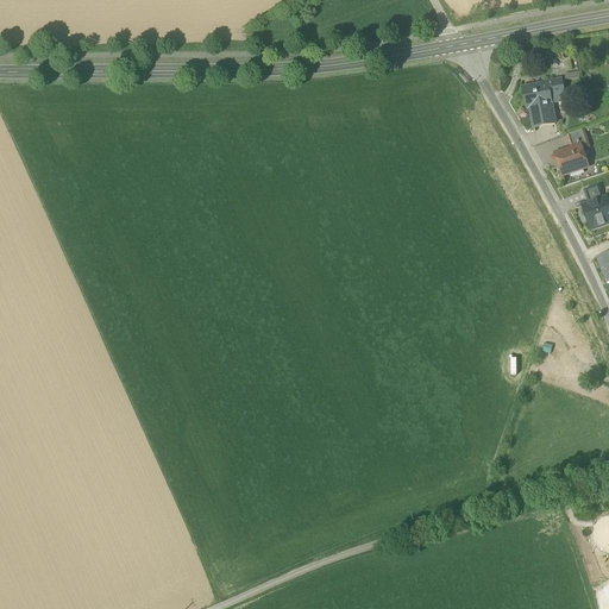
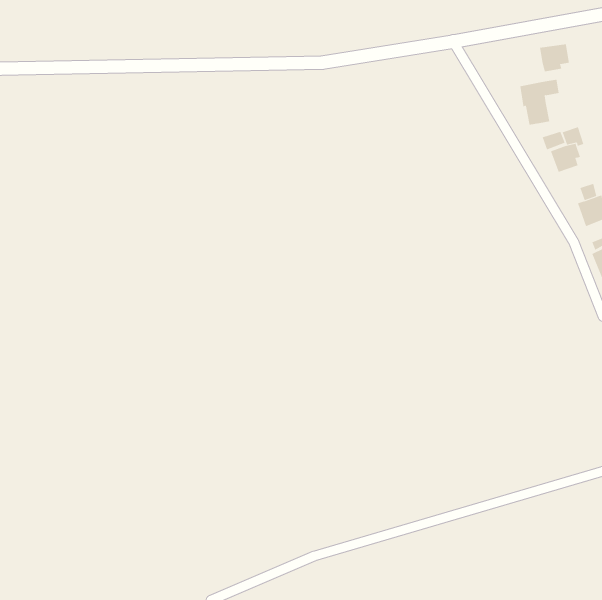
building: none -> [539,44,569,72]

